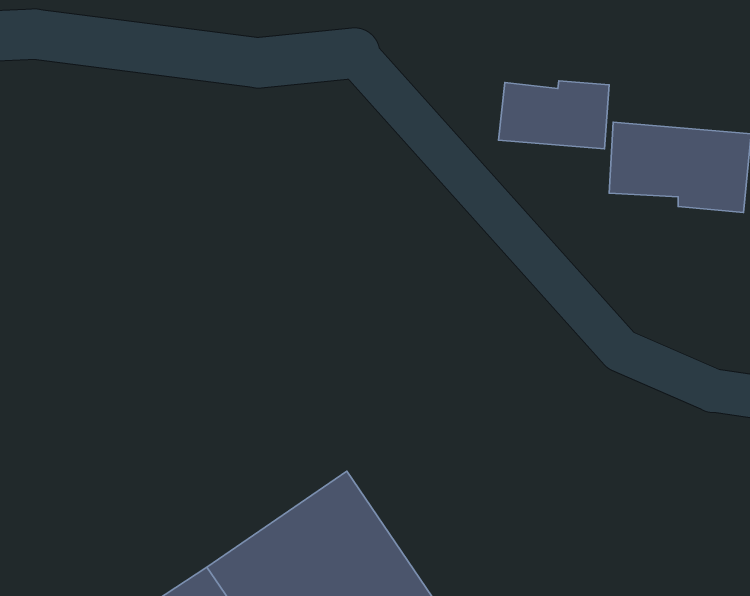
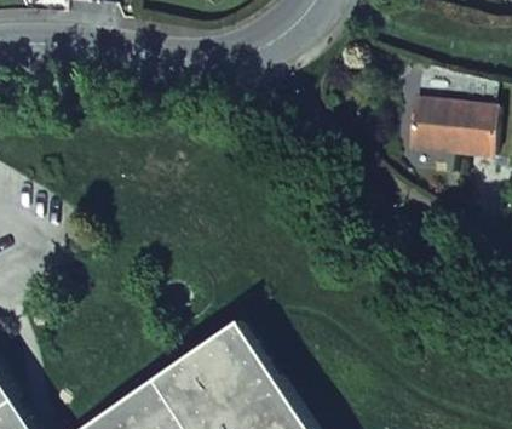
building: [499,81,609,149] -> none

